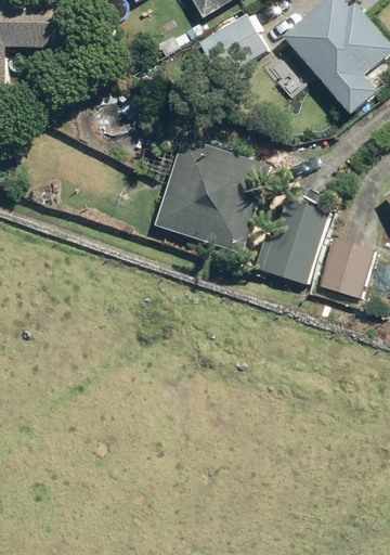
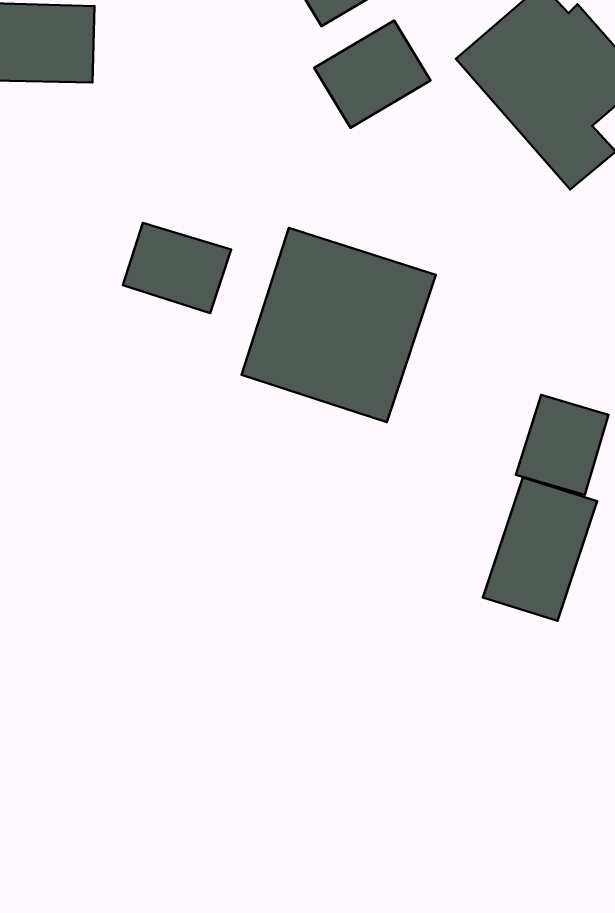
building: none -> [123,223,231,313]
building: [261,197,329,283] -> [483,477,597,621]

